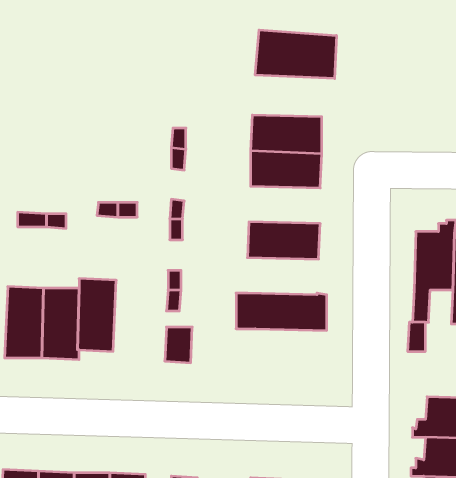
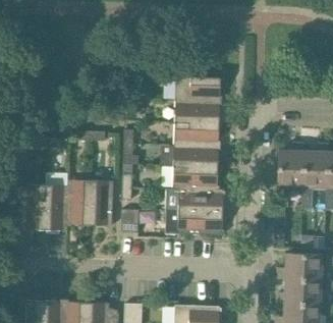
building: [255,30,336,79] -> none
building: none -> [174,121,219,145]
building: none -> [173,166,218,190]
building: none -> [89,180,113,226]
building: none -> [166,211,223,235]

